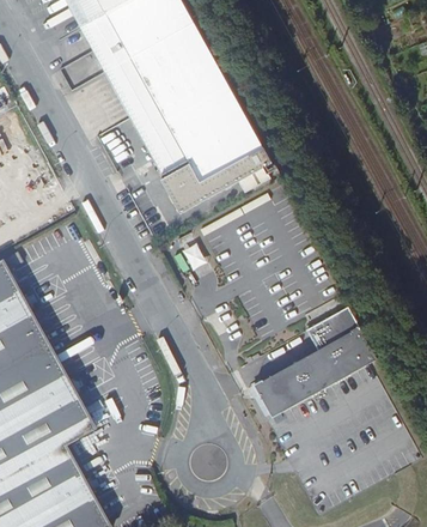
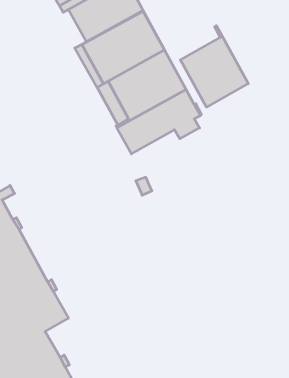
building: [78,18,117,69] -> none
building: none -> [180,26,248,107]
building: [254,303,376,417] -> none

